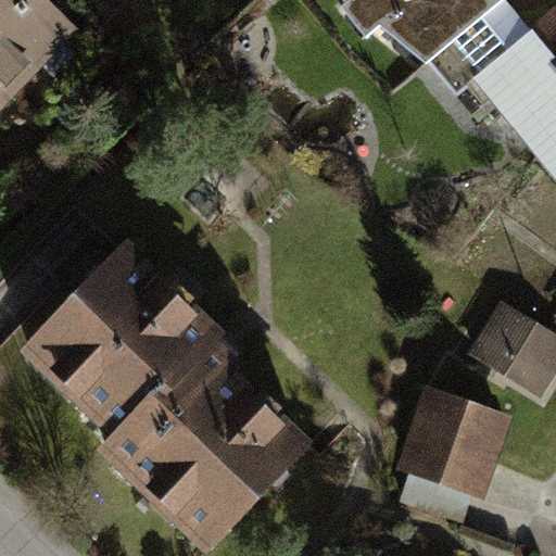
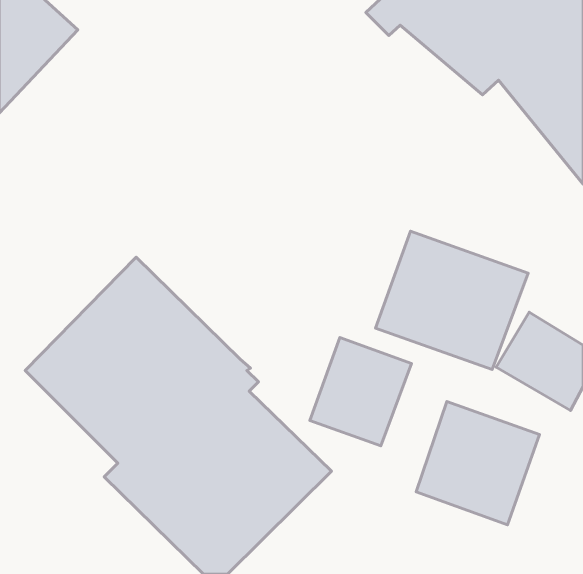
building: none -> [376,231,528,369]
building: none -> [310,338,412,446]

